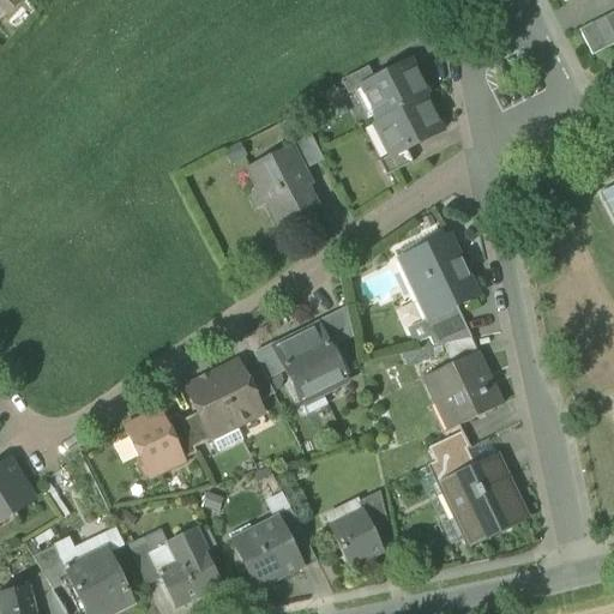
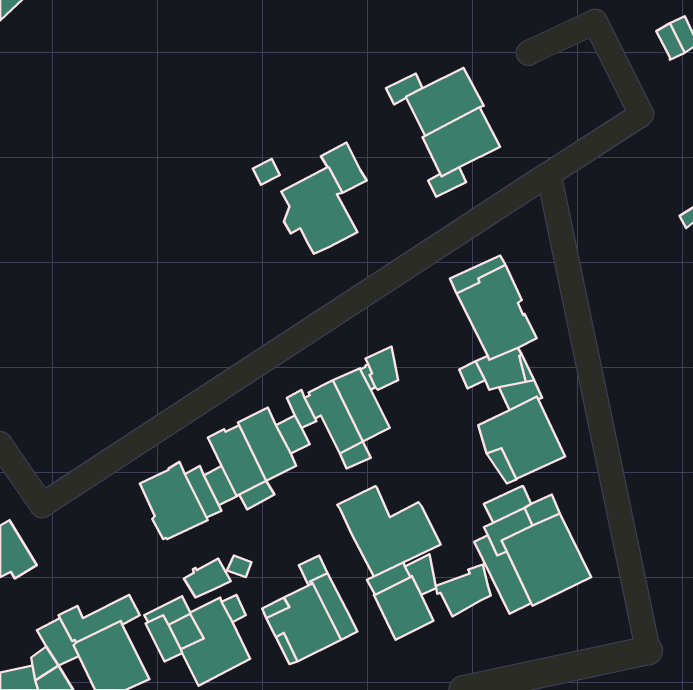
building: none -> [337,486,441,576]
building: none -> [184,558,231,597]
building: none -> [436,565,491,617]

